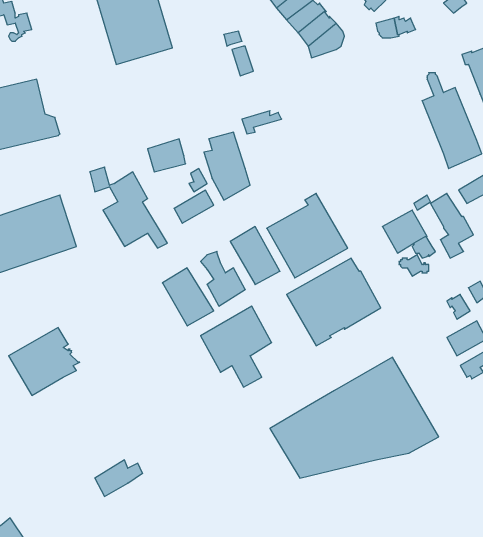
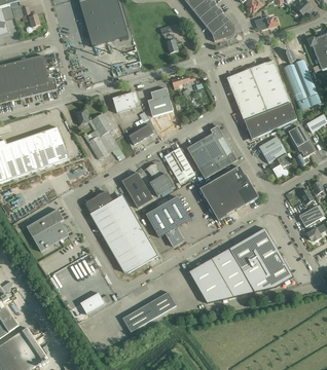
building: none -> [226,59,296,139]
building: none -> [84,189,157,272]
building: none -> [122,291,176,331]

